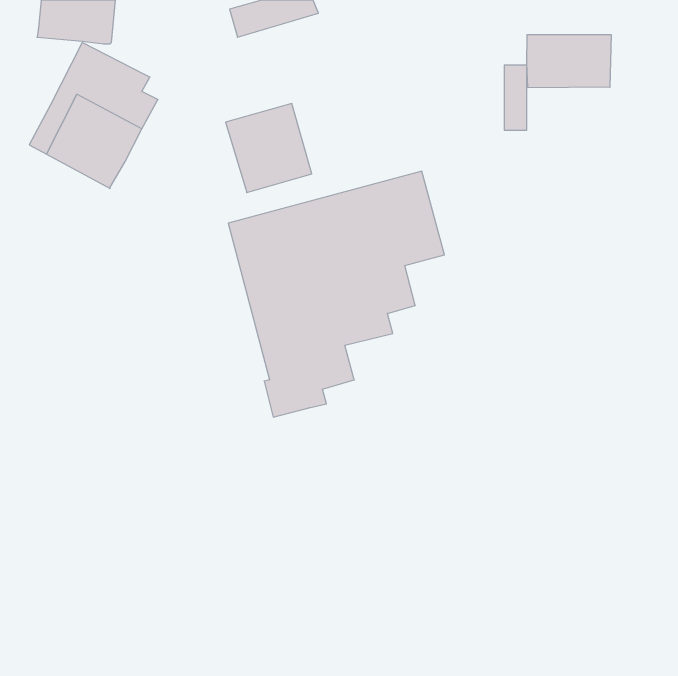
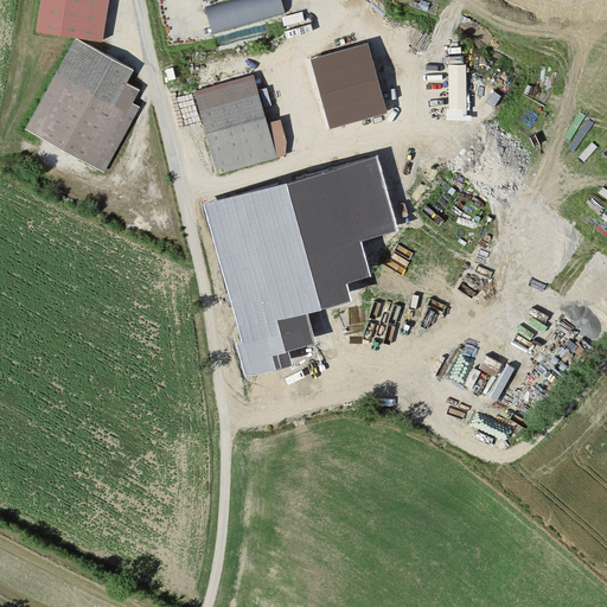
building: [527,35,611,88] -> none
building: none -> [312,43,386,128]
building: none -> [197,75,261,111]

